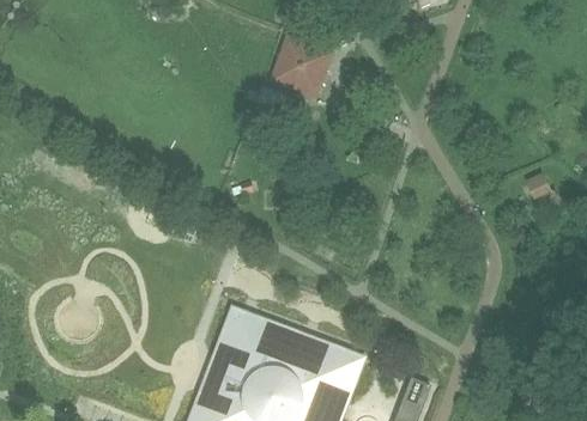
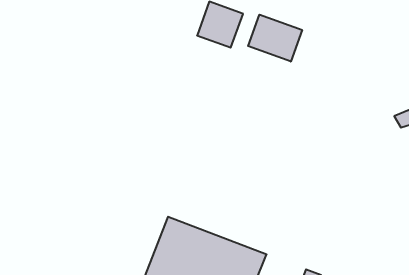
building: none -> [248,15,302,62]

